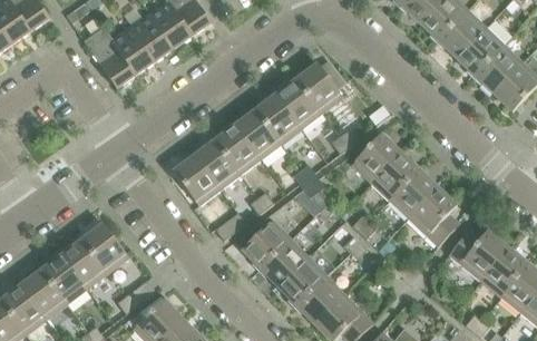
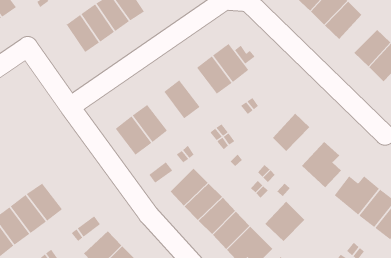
building: [84,28,135,89] -> none
building: [456,28,504,76] -> none
building: [254,95,301,144] -> none
building: [214,125,260,174] -> none
building: [352,134,400,183] -> none
building: [389,169,437,218] -> none
building: [81,223,128,273] -> none
building: none -> [264,201,305,242]

